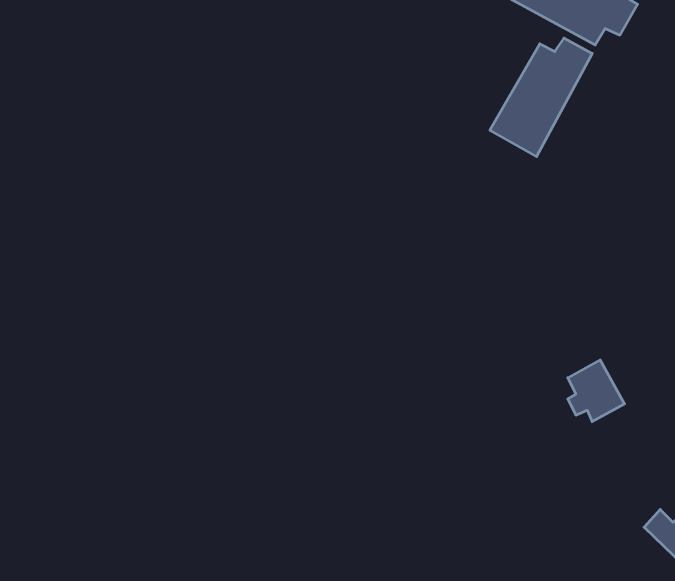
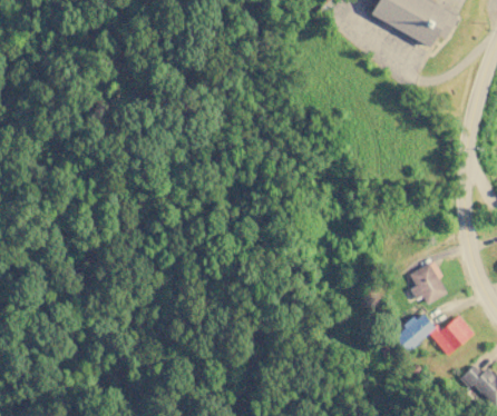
building: [490,38,592,157] -> none
building: none -> [393,311,474,355]

